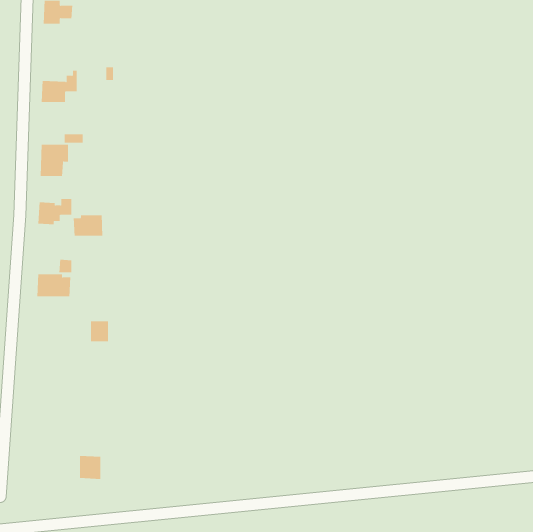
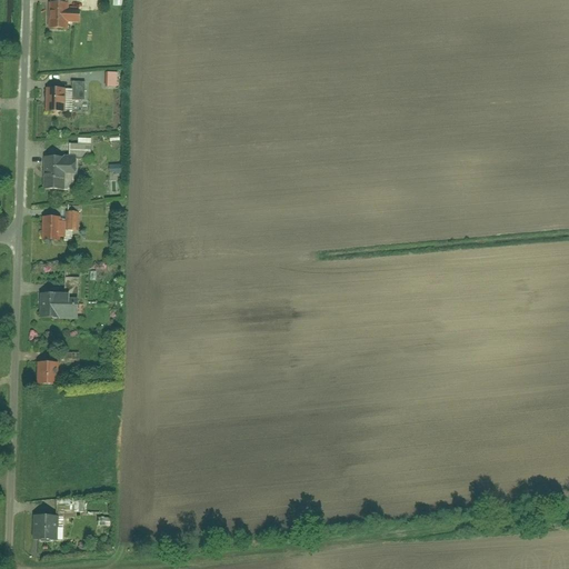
building: [73,214,103,237] -> none
building: [90,321,109,342] -> [37,360,57,382]
building: [79,455,101,479] -> [33,512,57,538]

